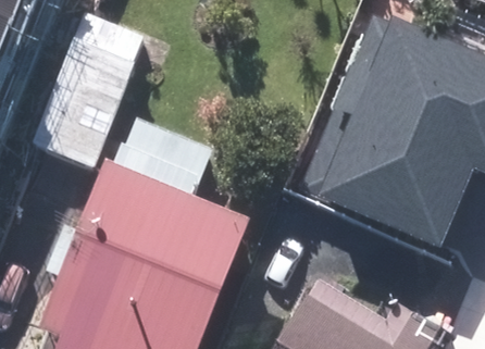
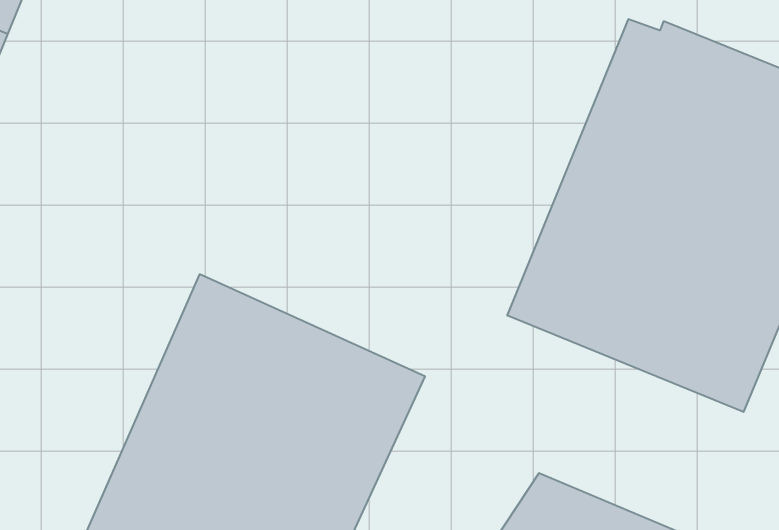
building: [42,10,148,165] -> none

